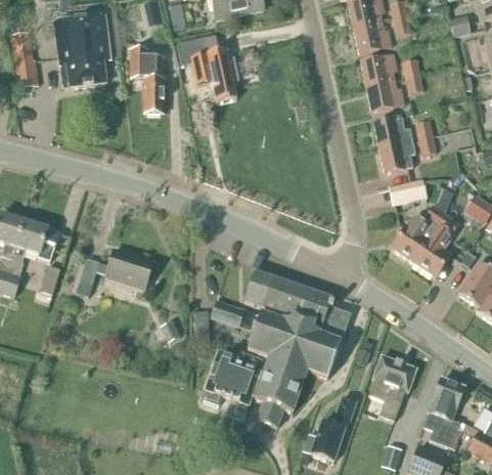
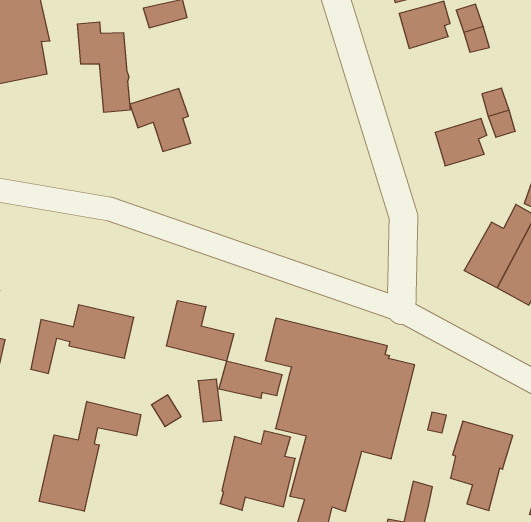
building: [196,57,237,101] -> [130,88,191,151]
building: [366,80,404,111] -> none
building: [374,117,413,147] -> none
building: [389,176,428,204] -> none
building: none -> [167,301,234,361]
building: none -> [39,401,141,511]

